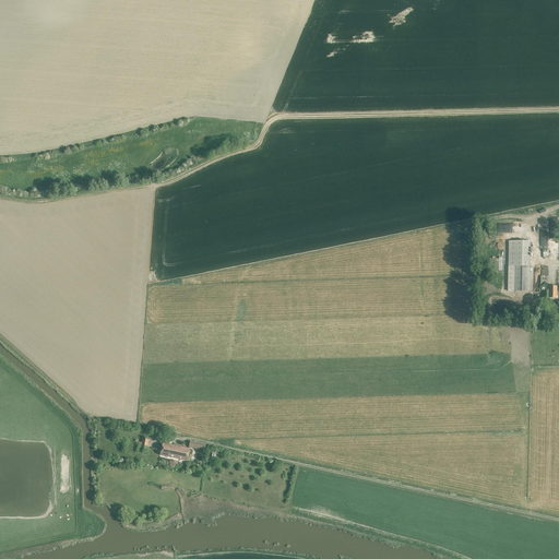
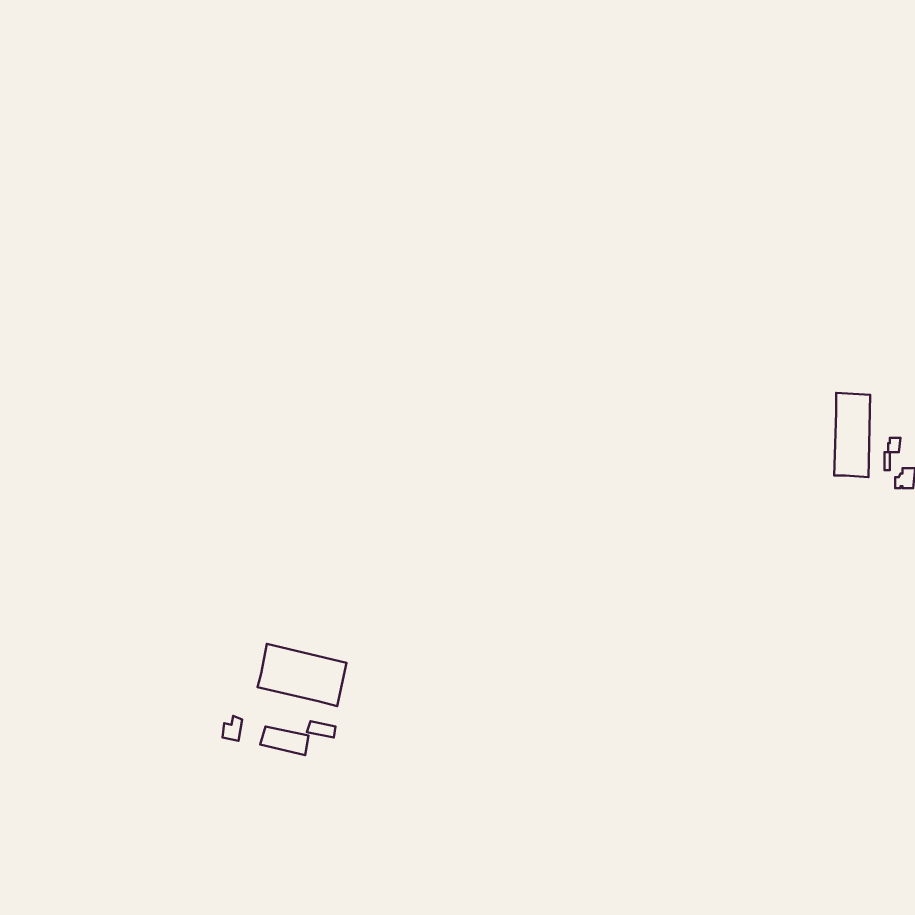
building: none -> [258,644,346,706]

